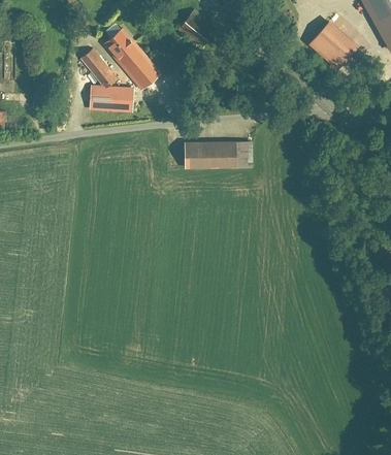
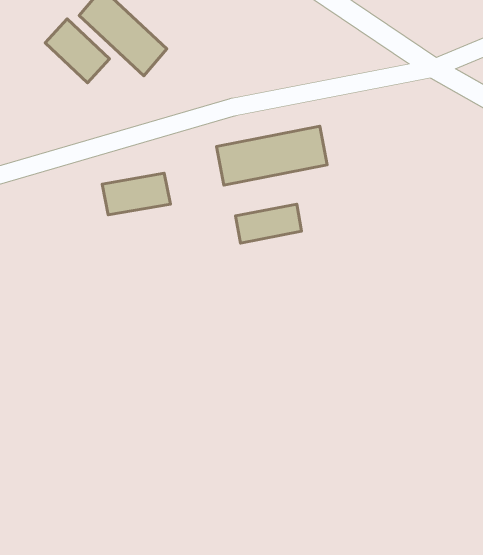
building: [89,90,131,111] -> [102,173,170,215]
building: none -> [236,204,302,243]

